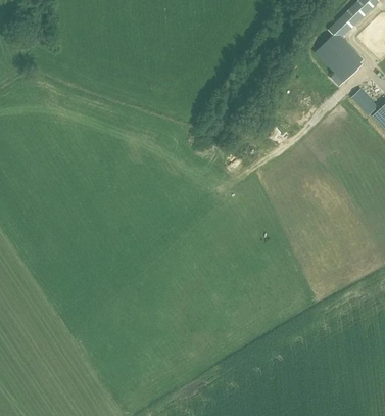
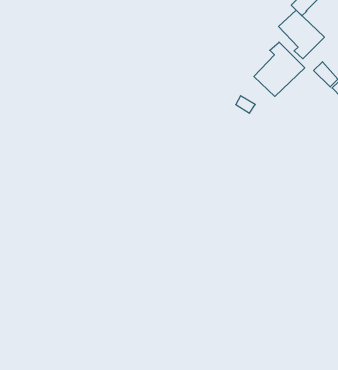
building: none -> [254,42,305,96]

